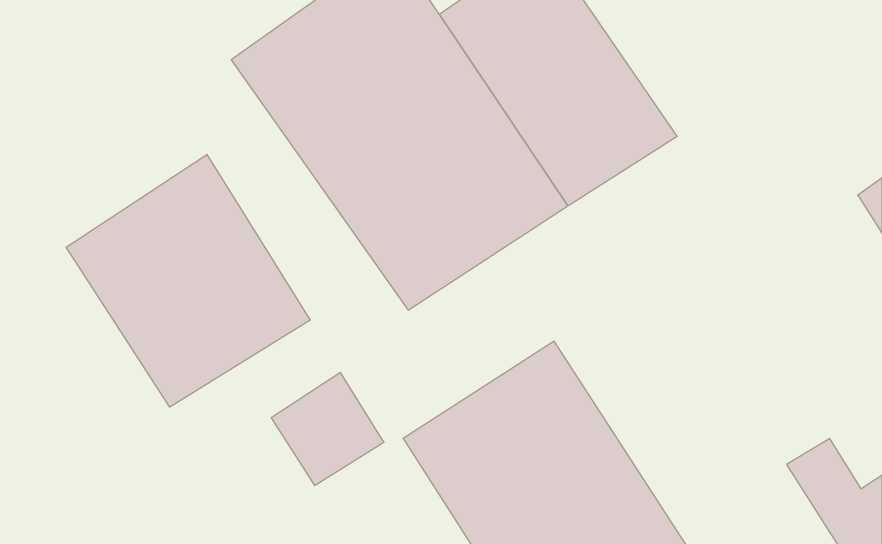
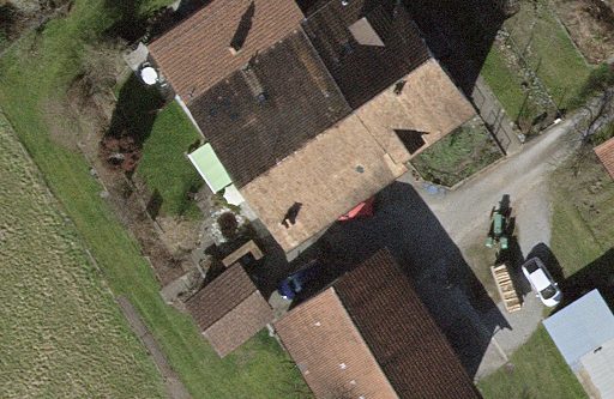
building: [66,154,310,407] -> none

